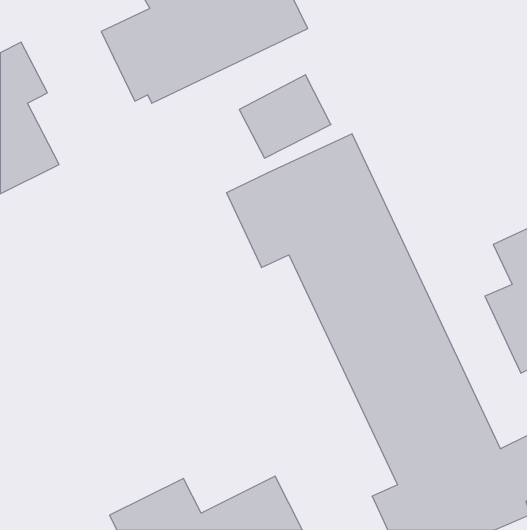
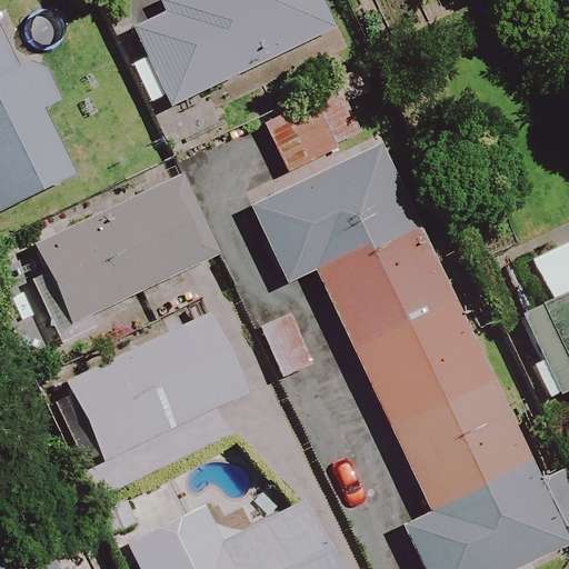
building: none -> [36,174,219,348]
building: none -> [69,316,244,459]

